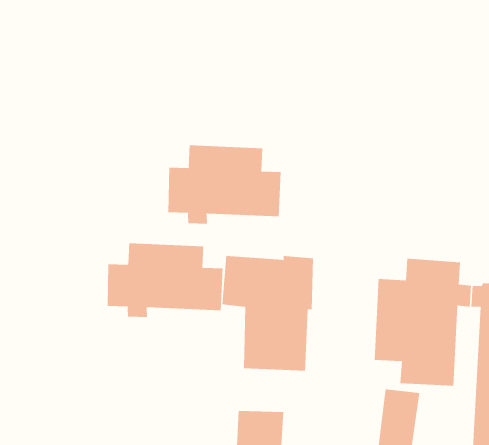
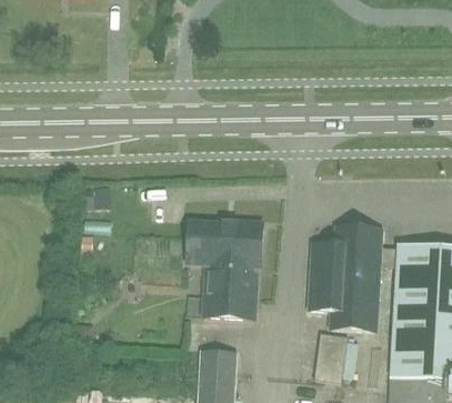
building: [168,145,281,224] -> none
building: [107,242,223,318] -> none

